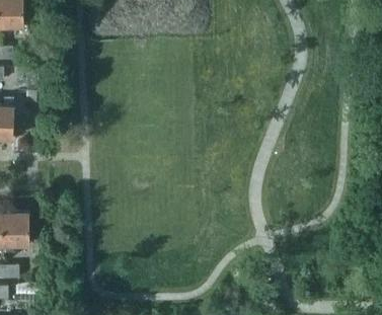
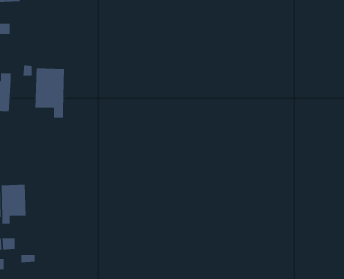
building: none -> [35,67,65,119]

